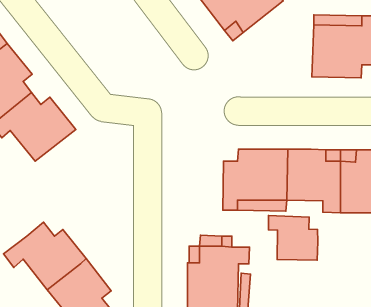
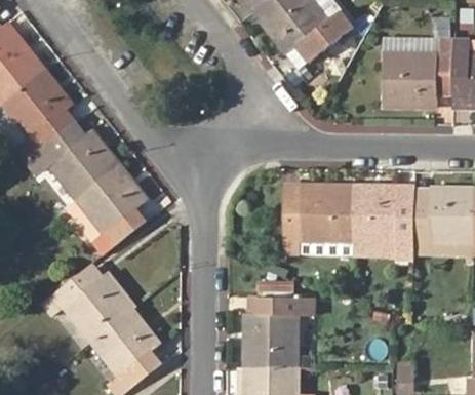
building: none -> [66,165,148,254]
building: [268,216,318,260] -> none

